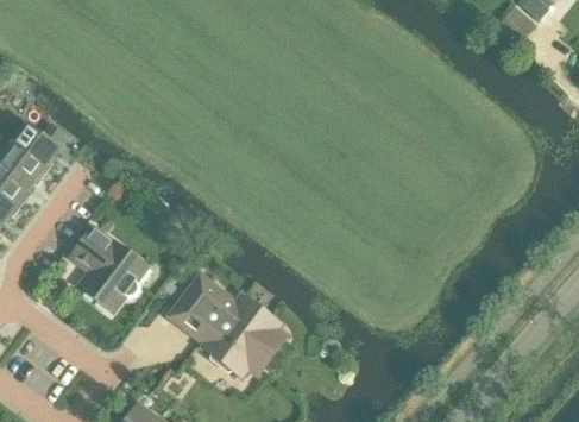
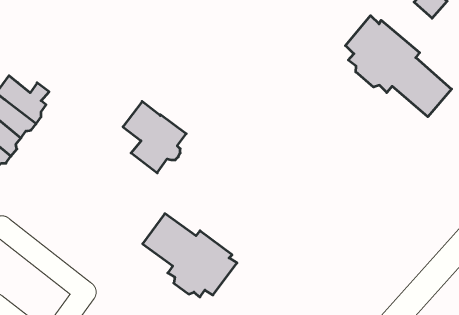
building: none -> [345,16,452,117]
building: [69,227,144,311] -> [123,101,186,173]

